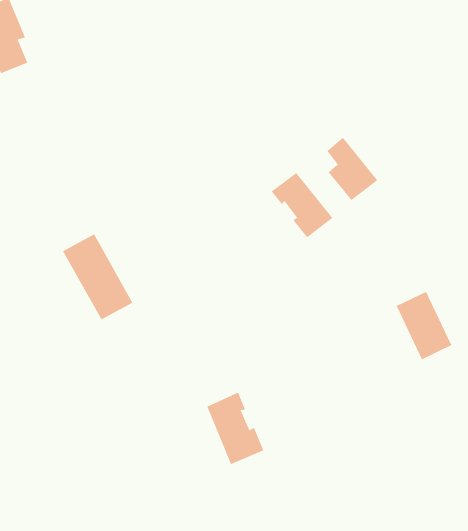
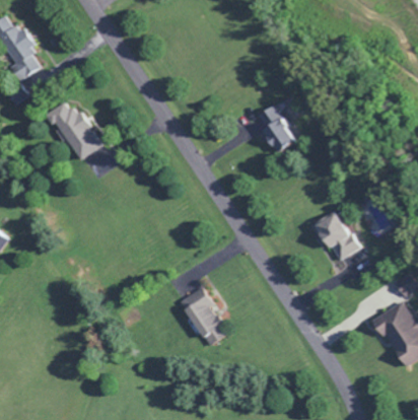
building: [271,172,333,238] -> none
building: [62,234,133,320] -> [48,98,101,160]

